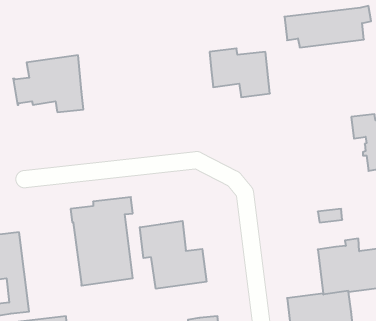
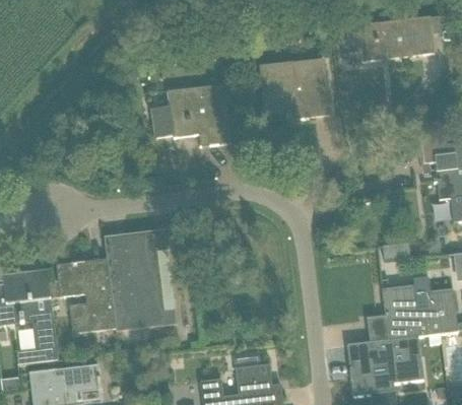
building: [13,55,83,112] -> [151,81,230,145]
building: [140,221,206,289] -> none
building: none -> [57,258,117,333]

